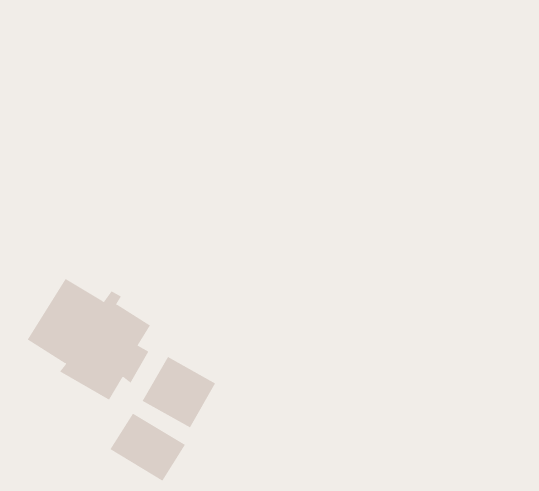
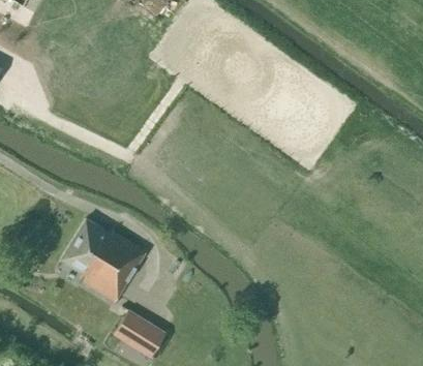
building: [142,356,216,428] -> none

